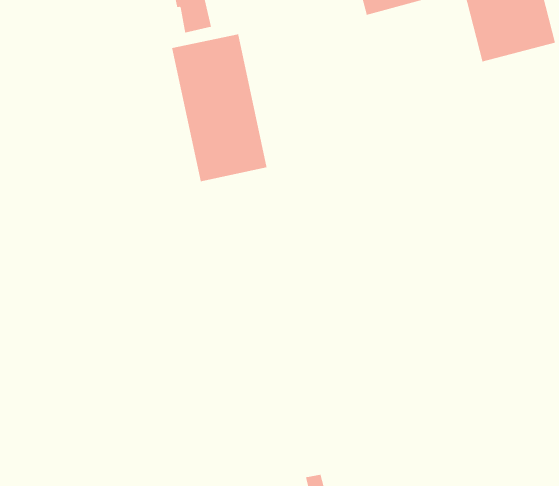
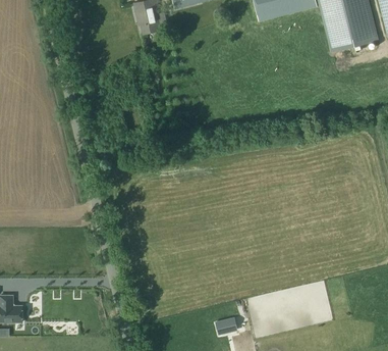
building: [172,33,267,182] -> none

